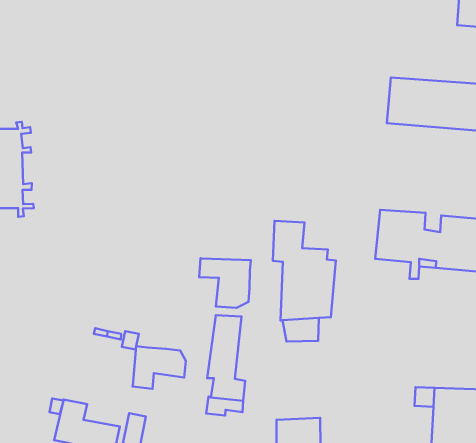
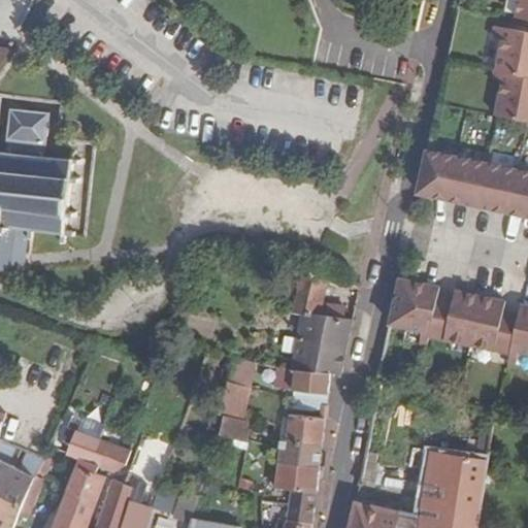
building: [199,258,251,308] -> none
building: [133,346,186,389] -> none
building: none -> [276,415,323,465]

